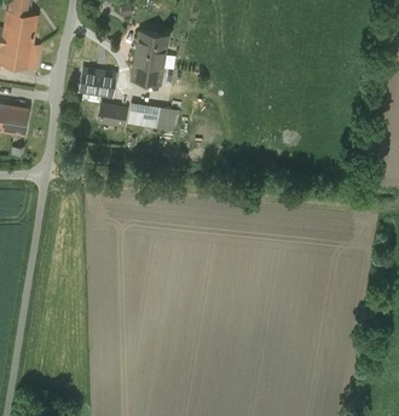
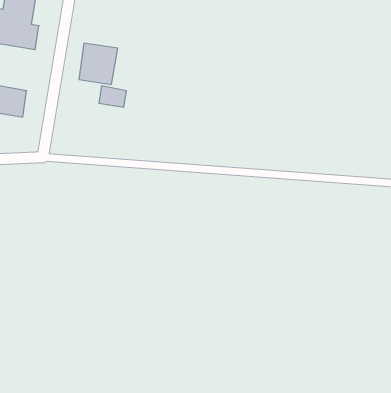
building: [131,31,168,86] -> none
building: [127,103,175,132] -> none

